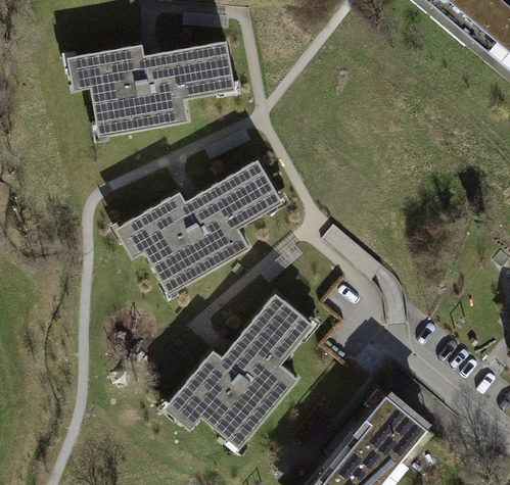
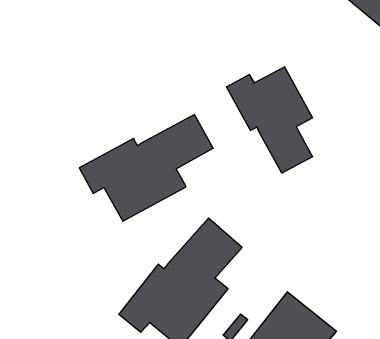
building: [66,38,238,138] -> none
building: none -> [226,67,312,173]

